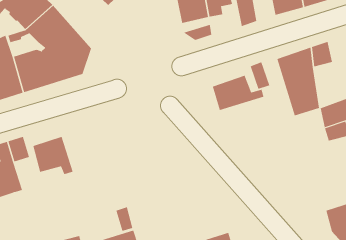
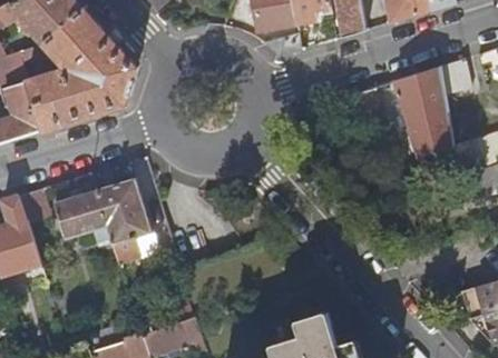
building: [212,75,264,111] -> none
building: none -> [95,177,153,262]

